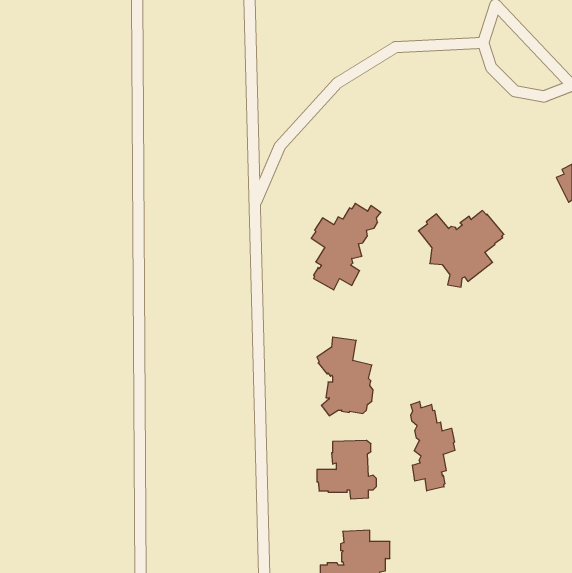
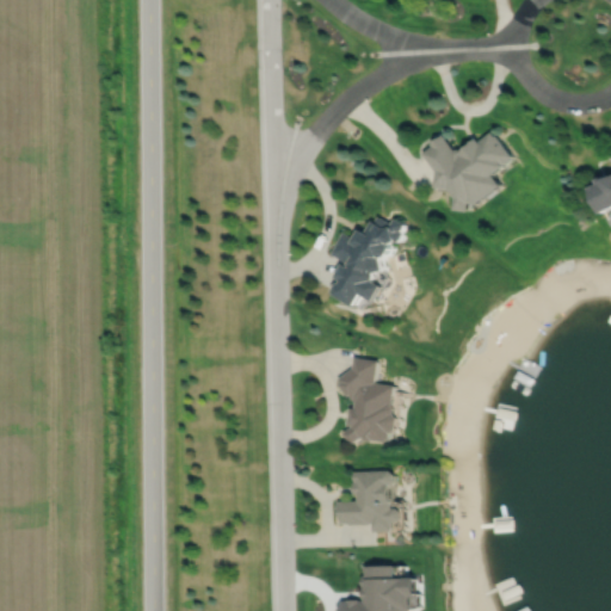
building: [418,211,504,287] -> [422,132,513,214]
building: [411,401,455,491] -> none

